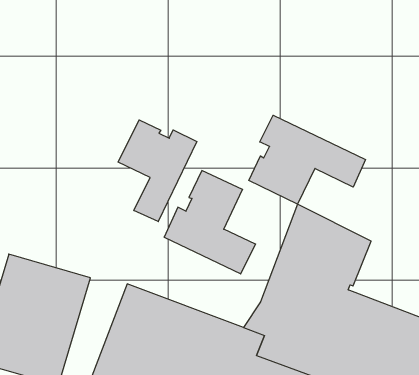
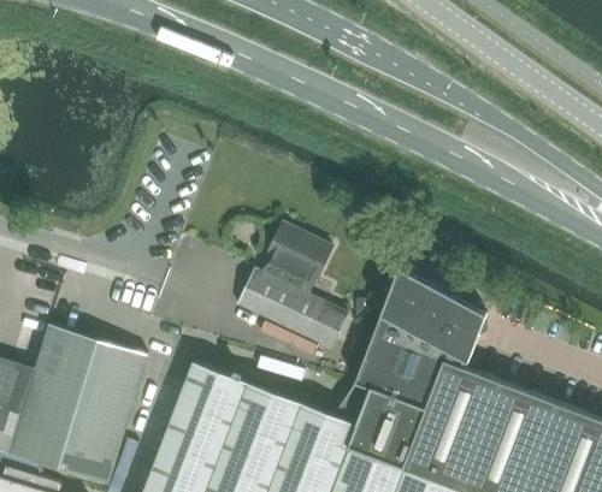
building: [249,115,366,204] -> none
building: [118,120,197,222] -> none

